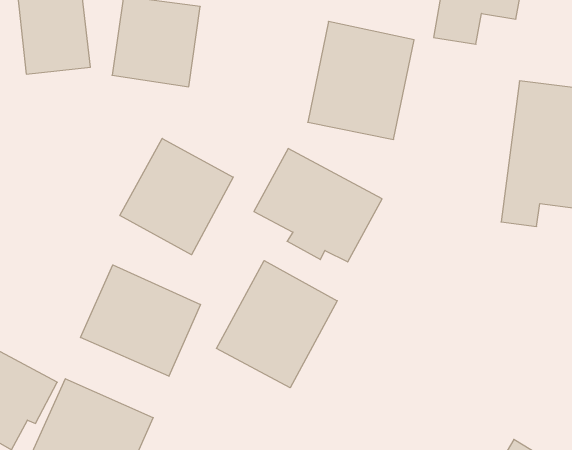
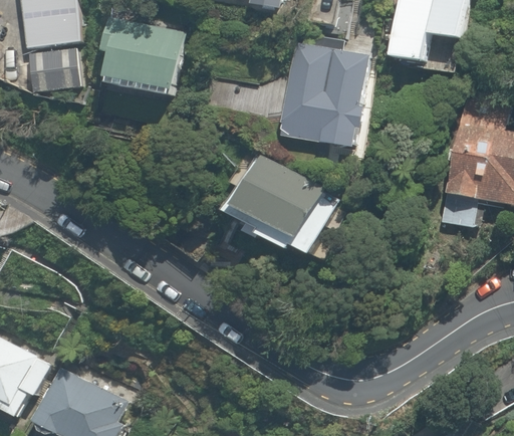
building: [120,138,233,255] -> none
building: [216,261,337,388] -> none
building: [81,265,200,376] -> none

